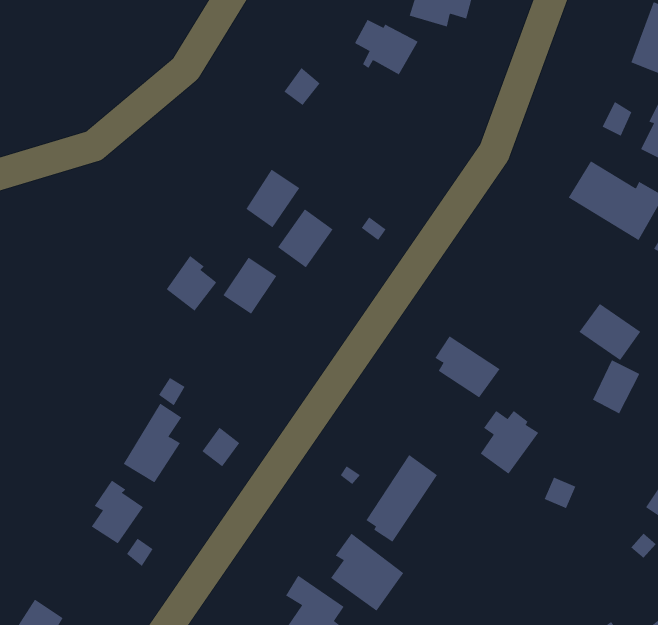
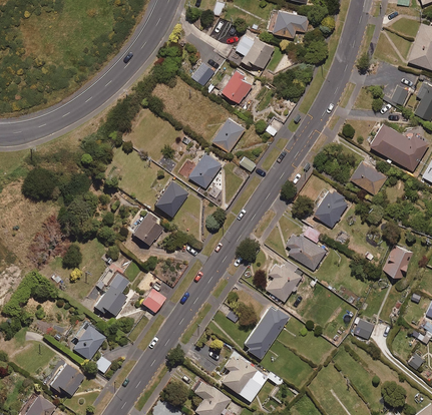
building: none -> [221,68,253,103]
building: [245,169,300,228] -> [211,116,246,153]
building: [166,255,217,312] -> [131,213,163,248]
building: none -> [313,187,349,228]
building: [579,303,641,361] -> [349,159,388,195]
building: [480,410,539,474] -> [266,262,303,302]
building: none -> [48,364,83,397]

